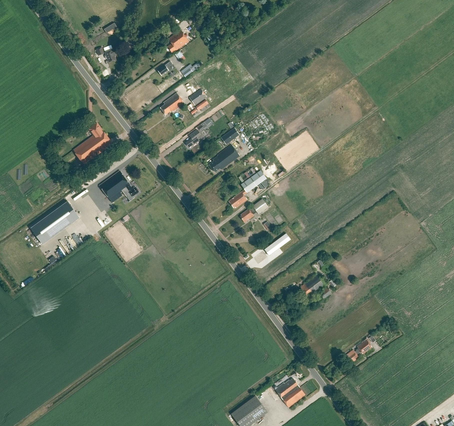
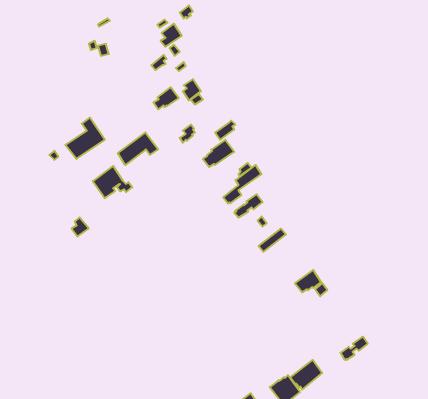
building: none -> [118,132,158,165]
building: [31,202,80,245] -> none
building: none -> [290,360,322,390]

